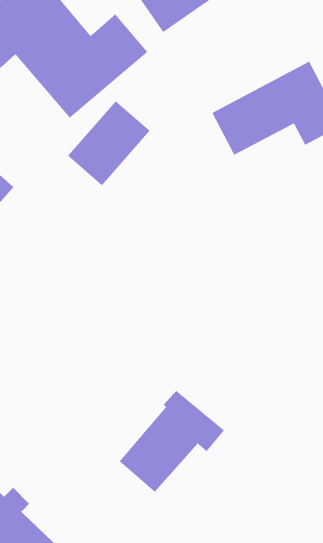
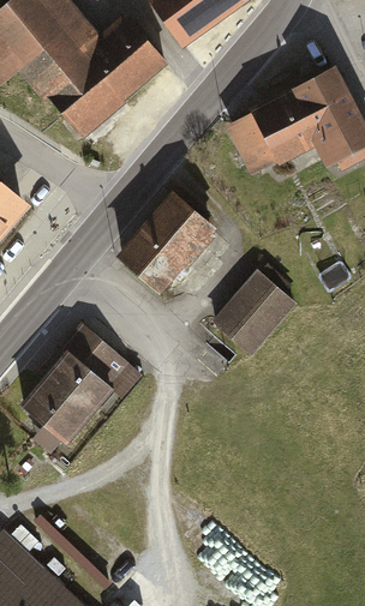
building: [67,100,151,186] -> [122,198,211,289]
building: none -> [216,275,293,354]
building: [119,390,225,493] -> [25,331,138,440]

